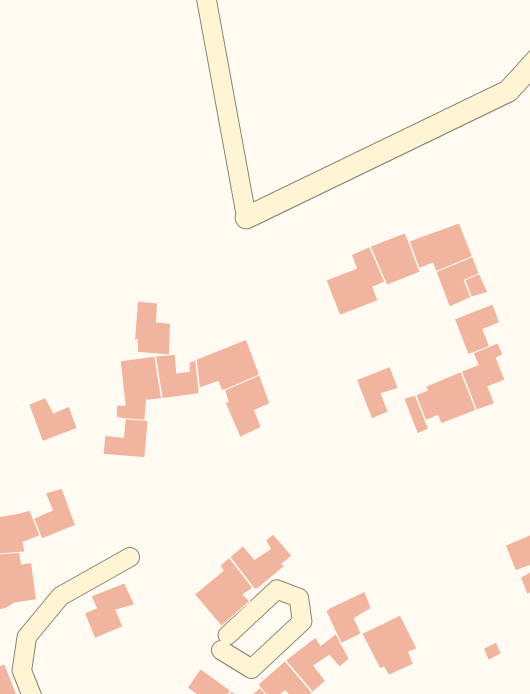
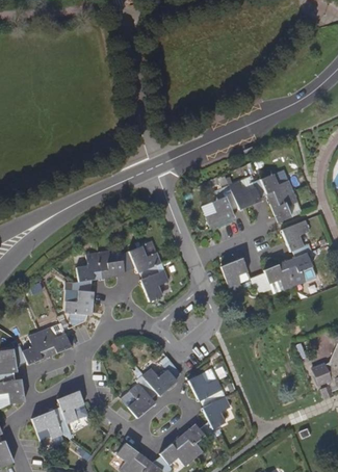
building: [135,301,170,355] -> none
building: [29,398,78,442] -> [40,329,70,356]
building: none -> [31,410,62,440]
building: [361,615,417,676] -> [187,369,222,407]

